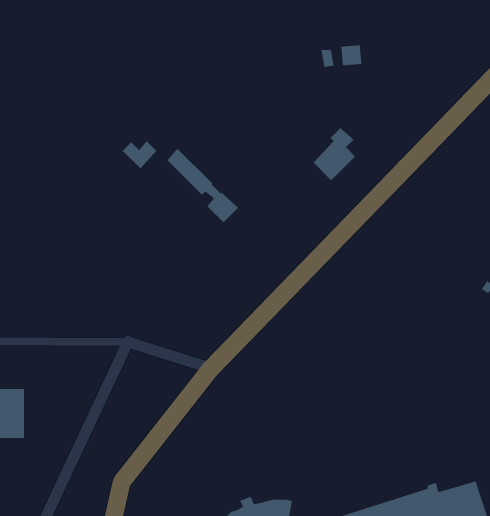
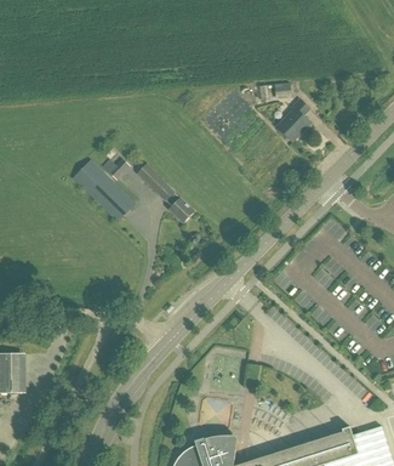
building: [313,127,356,181] -> [276,98,310,141]
building: none -> [73,159,135,221]

